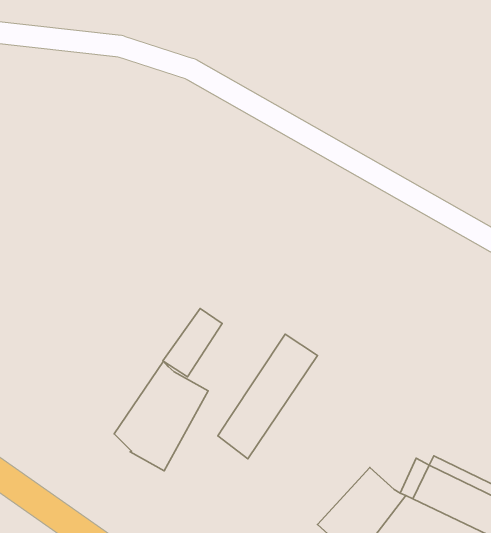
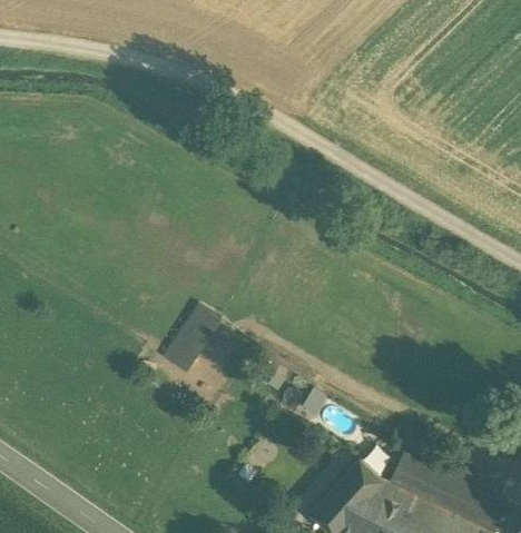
building: [218,334,318,459] -> none
building: [114,361,208,471] -> none

